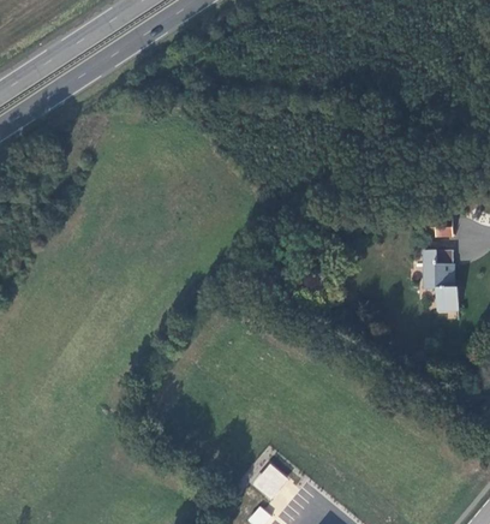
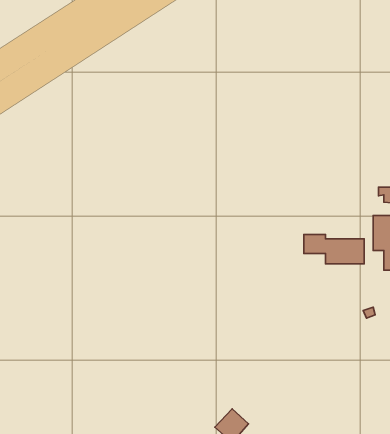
building: none -> [304,235,364,264]

